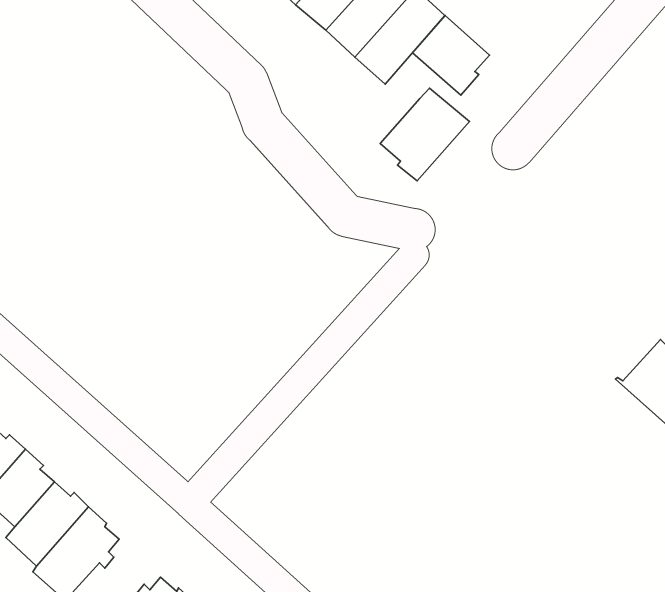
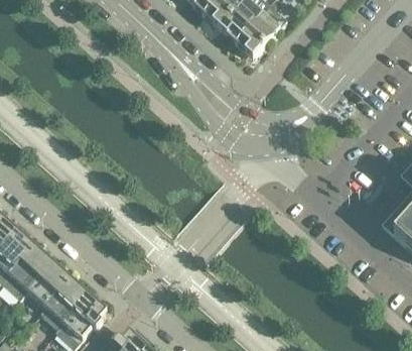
building: [412,16,489,95] -> none
building: [380,88,469,181] -> none

